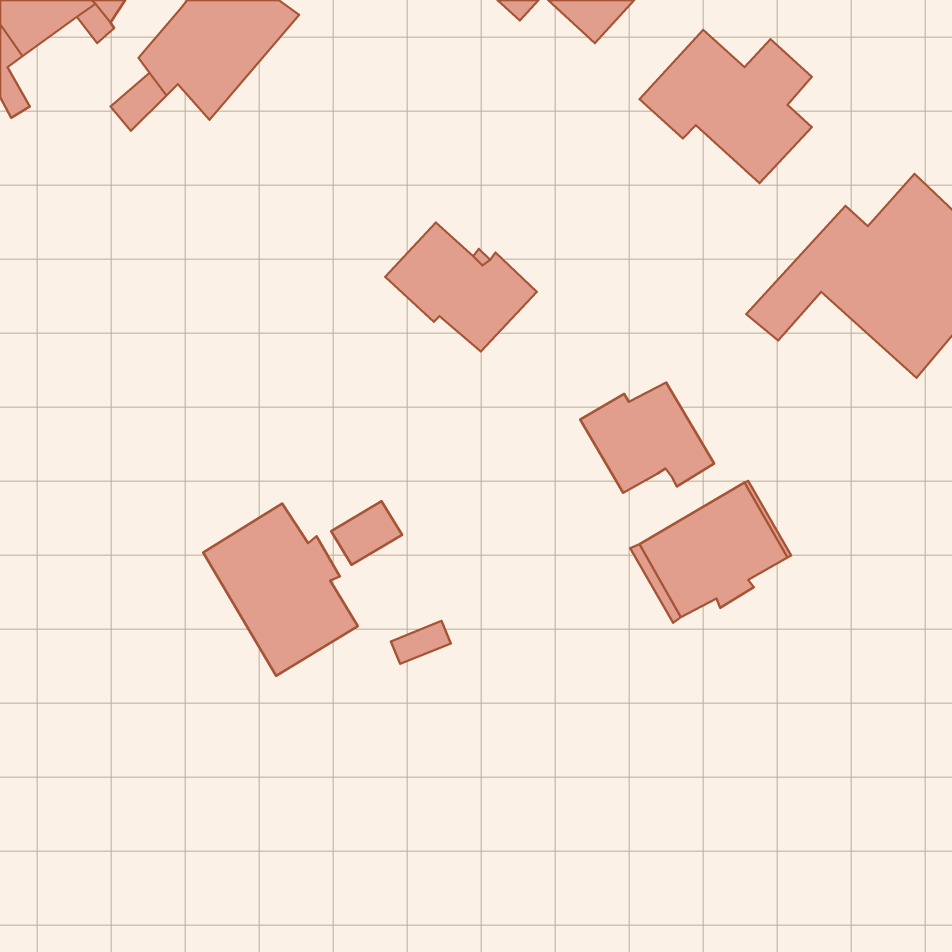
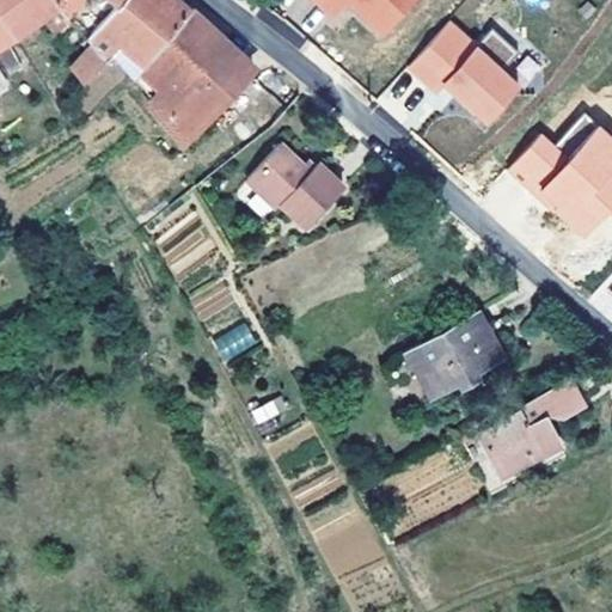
building: none -> [136,12,256,142]
building: [580,383,714,493] -> none
building: [203,504,358,676] -> none
building: none -> [463,378,585,475]

